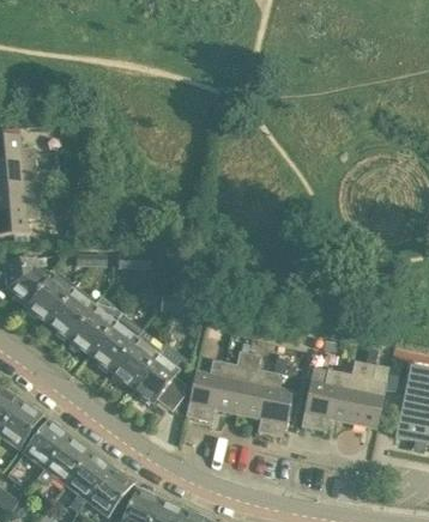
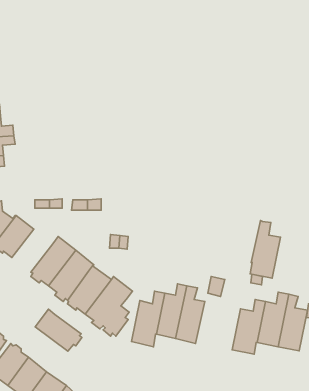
building: [48,290,95,340] -> none
building: [256,372,291,438] -> [250,220,280,278]
building: none -> [35,309,82,351]

